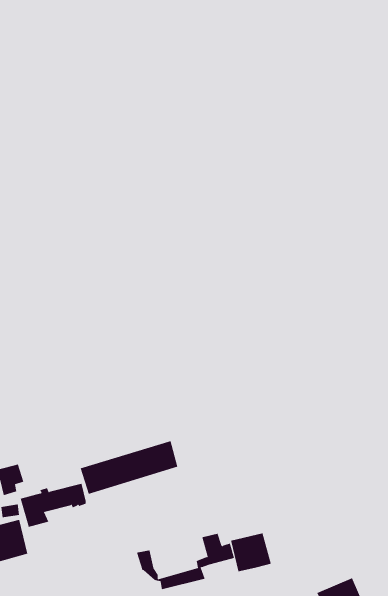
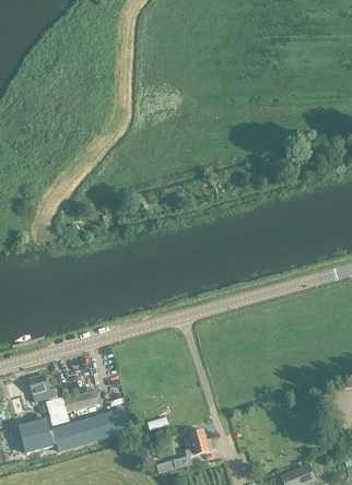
building: [80,440,178,494] -> [50,409,128,451]
building: [231,533,272,572] -> none

